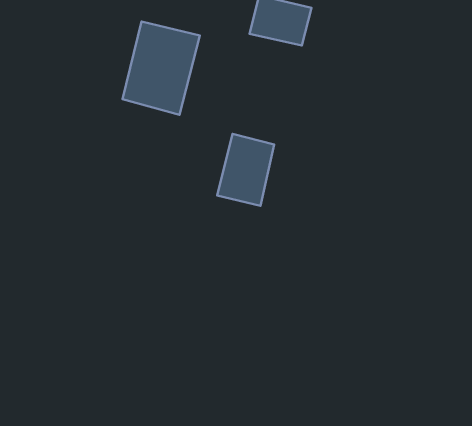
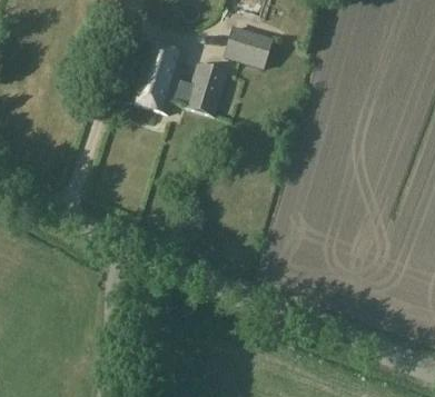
building: [217,134,274,206] -> [182,61,228,117]

